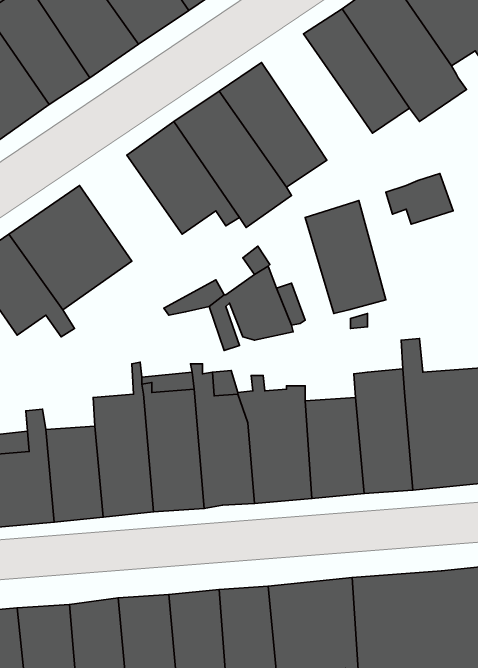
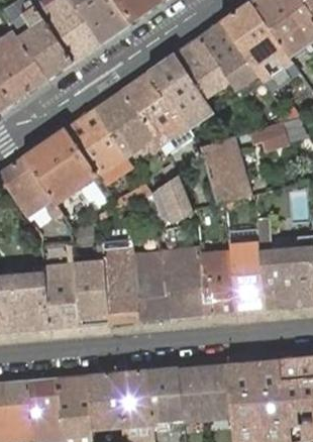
building: none -> [174,36,229,97]
building: none -> [65,109,132,185]

